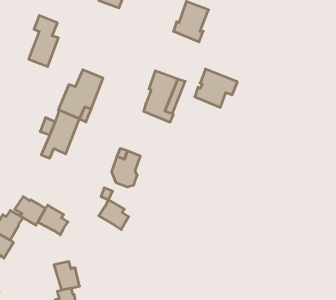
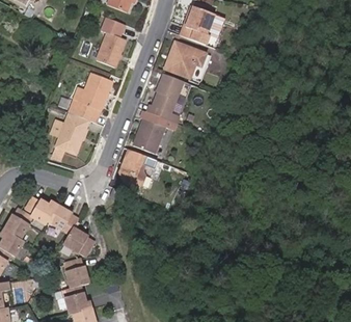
building: [29,15,58,67] -> [96,17,125,66]
building: [195,69,237,107] -> [164,41,206,78]
building: none -> [133,109,176,156]
building: [99,200,129,230] -> [63,226,92,256]

